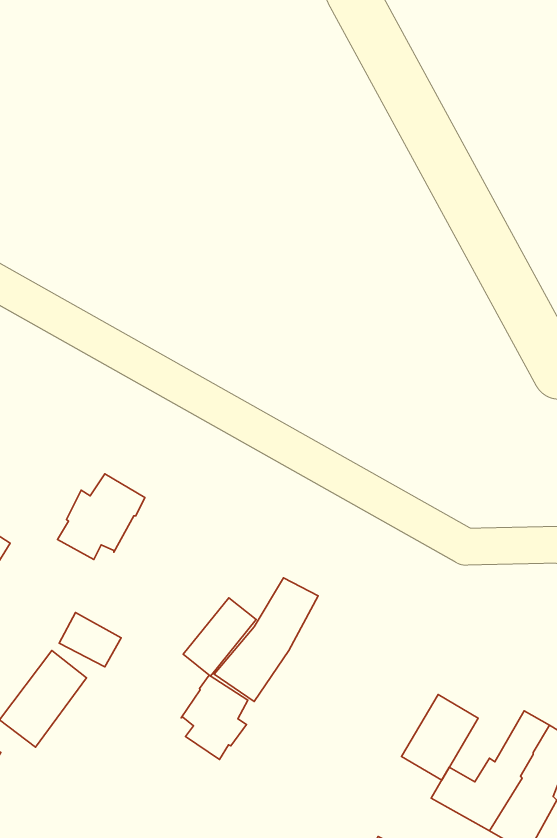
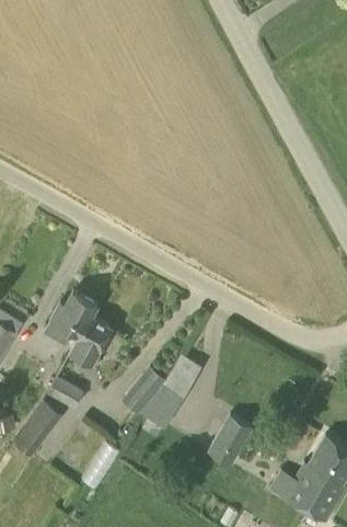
building: none -> [70,318,112,365]
building: [181,675,248,759] -> none
building: [402,694,478,780] -> [207,414,253,466]

